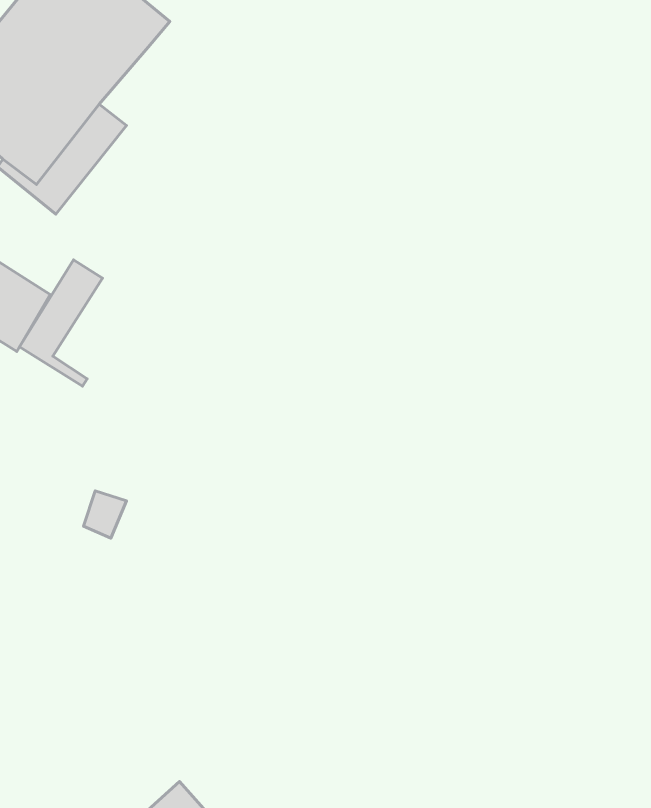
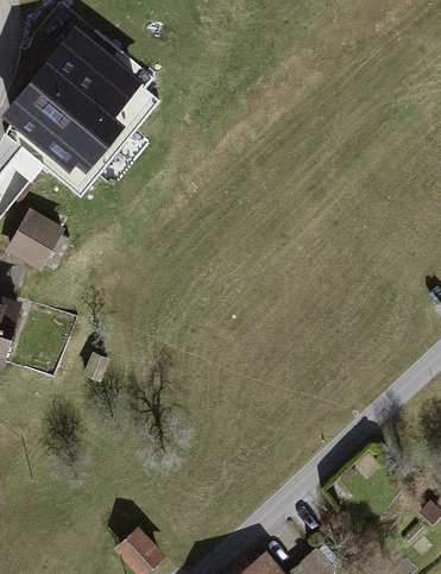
building: none -> [94,88,152,144]
building: [19,260,102,386] -> none

